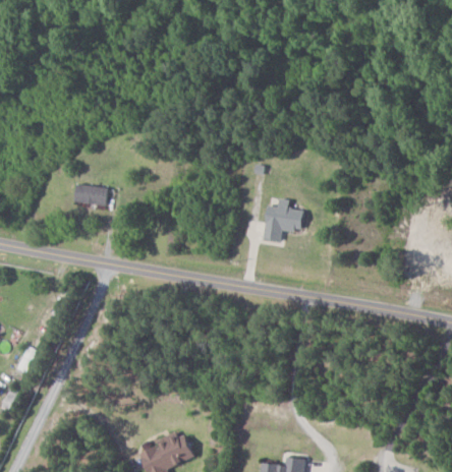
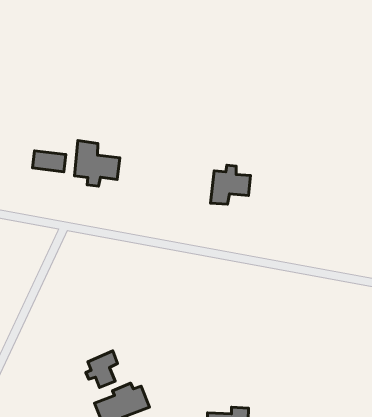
building: none -> [74,140,120,186]
building: none -> [86,351,117,388]

